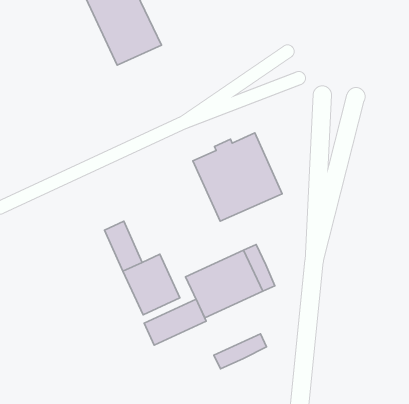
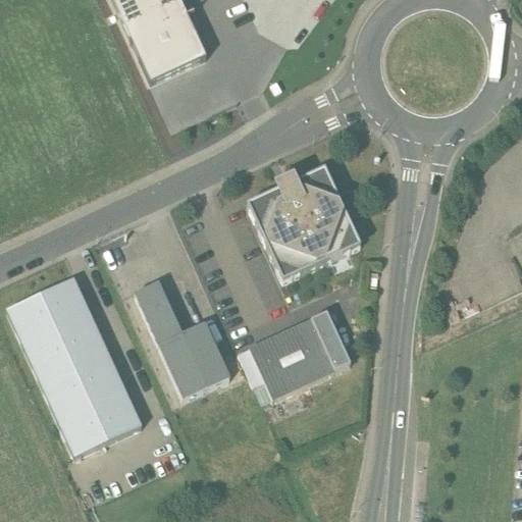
building: none -> [8,278,141,455]
building: [144,299,206,345] -> none
building: [214,334,266,369] -> none

